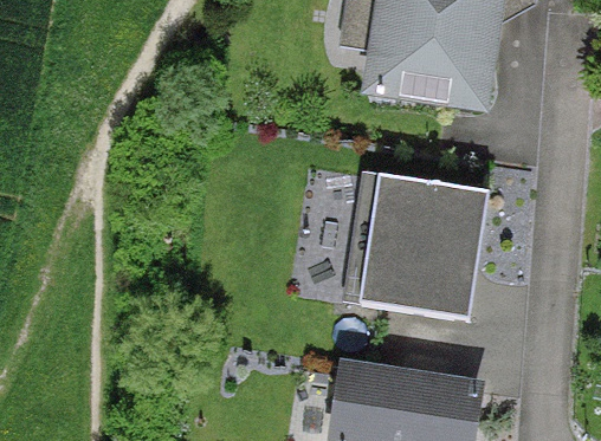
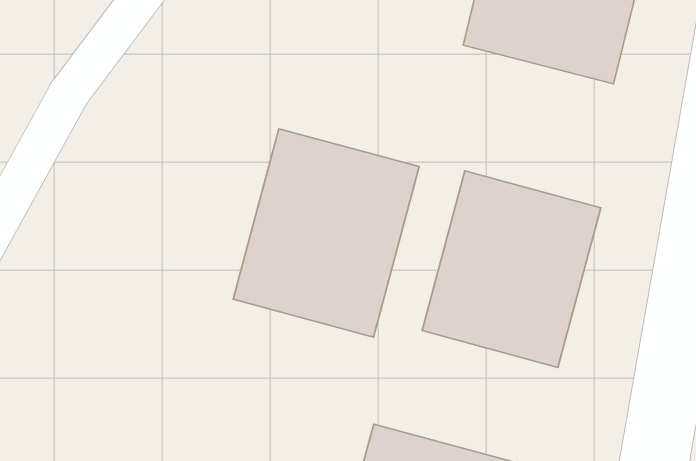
building: none -> [233,129,419,337]

